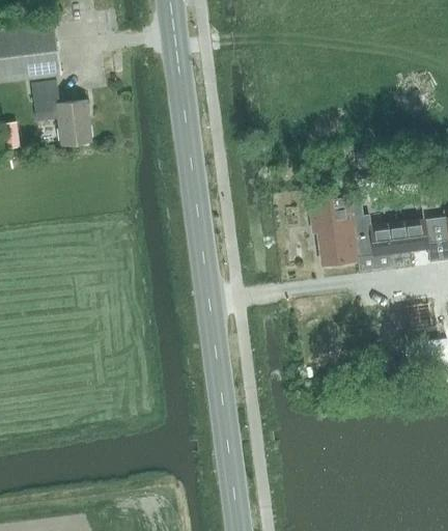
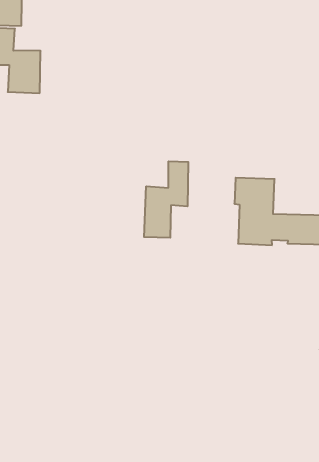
building: none -> [144,161,188,238]

